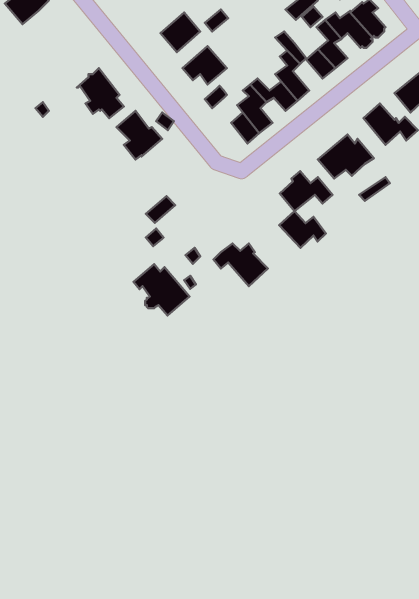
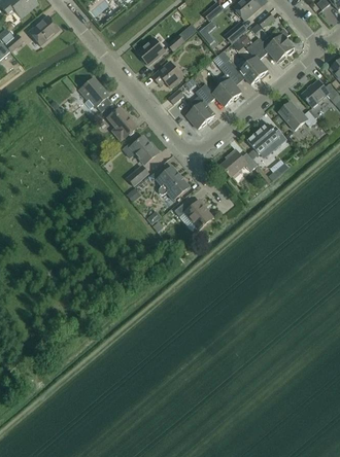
building: none -> [121,136,159,165]
building: [279,211,326,248] -> none
building: [134,264,189,316] -> [149,164,189,200]

